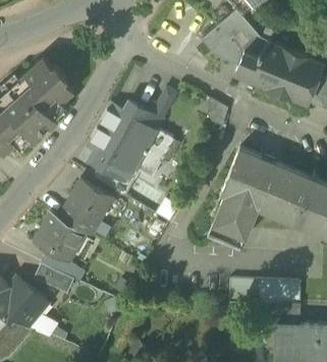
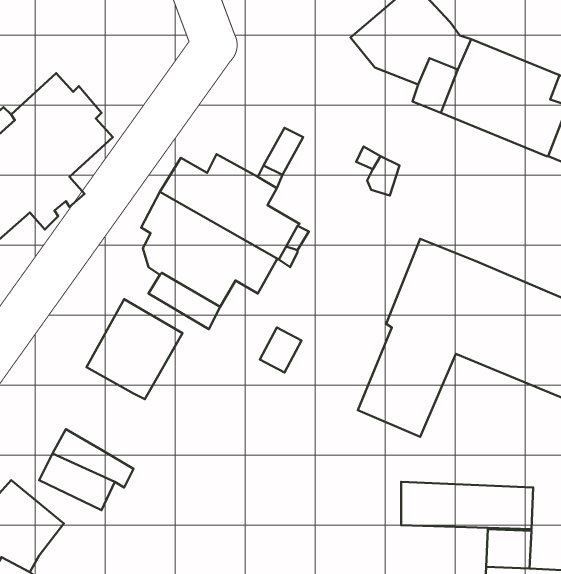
building: [35,213,85,261] -> none

